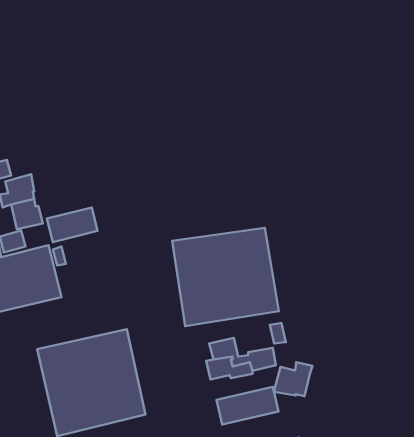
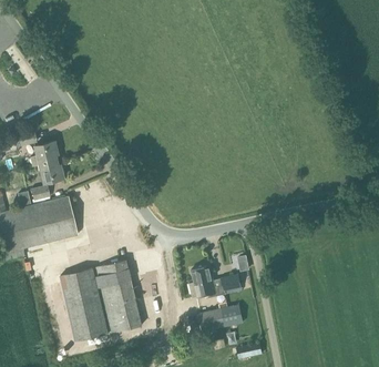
building: [47,207,97,242] -> none
building: [172,228,279,326] -> none
building: [274,362,312,396] -> none

